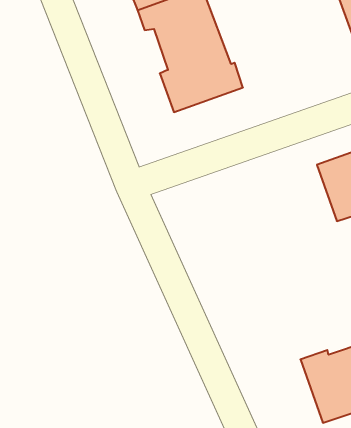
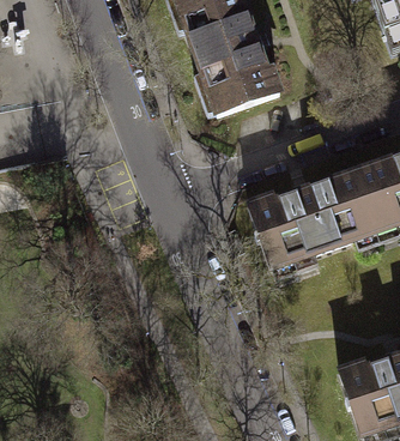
building: none -> [248,169,376,266]

